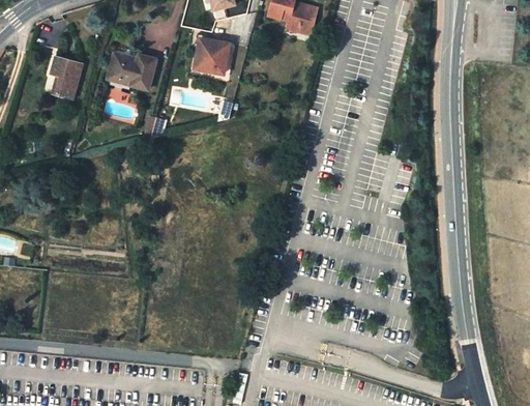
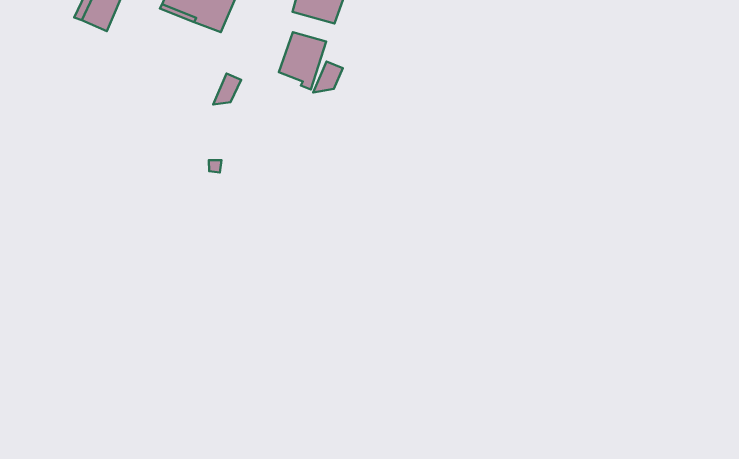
building: none -> [279,32,326,90]

